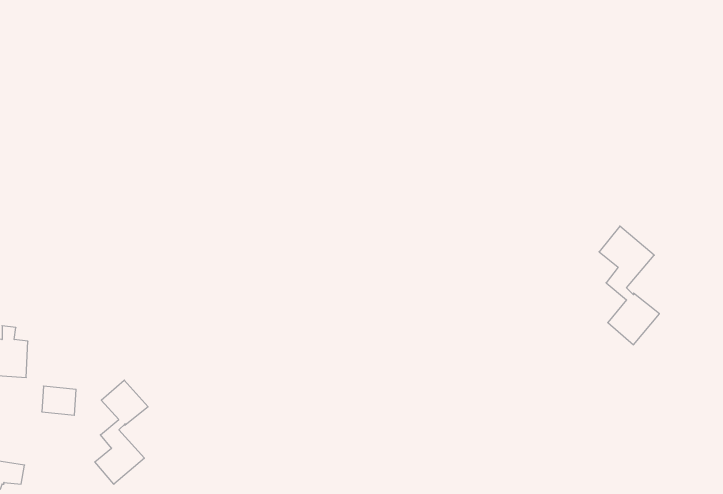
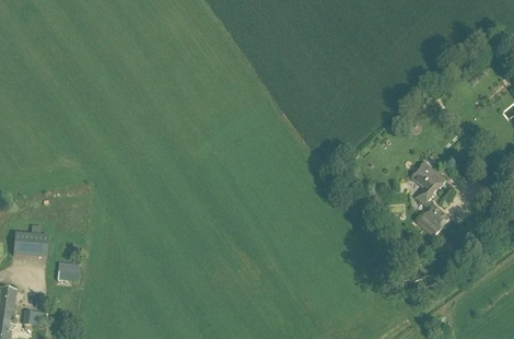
building: [95,380,148,484] -> none

